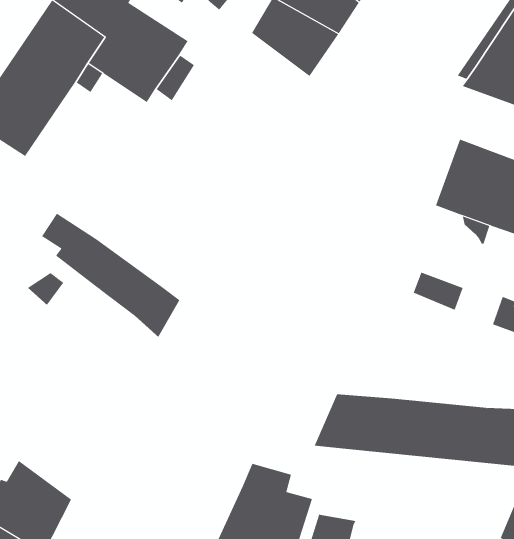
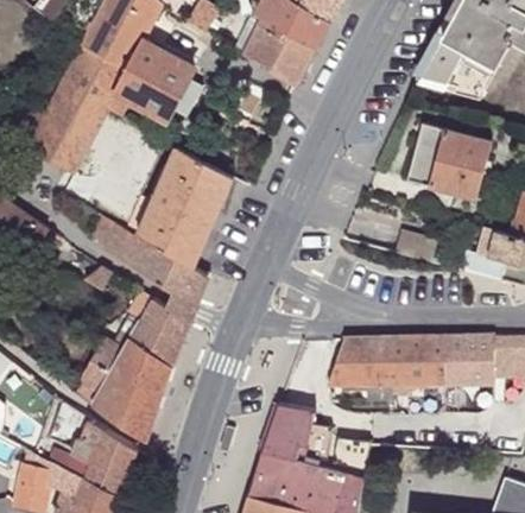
building: none -> [135,145,233,267]
building: none -> [78,291,194,442]

